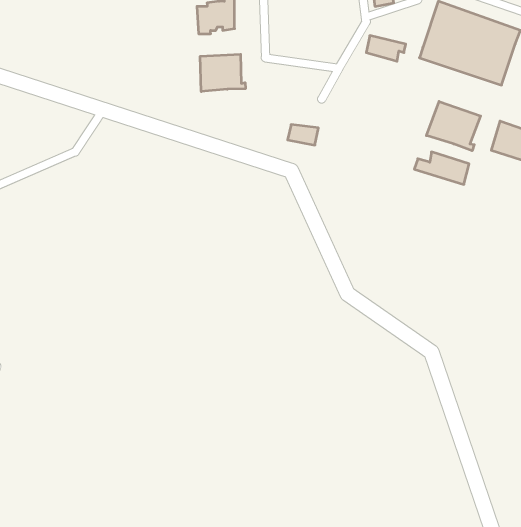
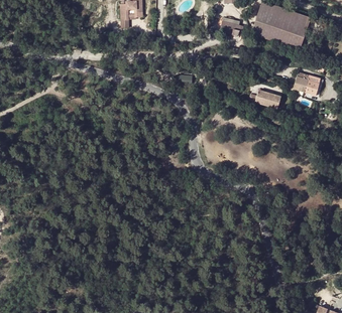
building: [200,54,245,92] -> none
building: [426,101,481,151] -> none

